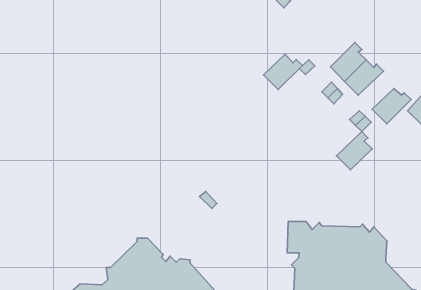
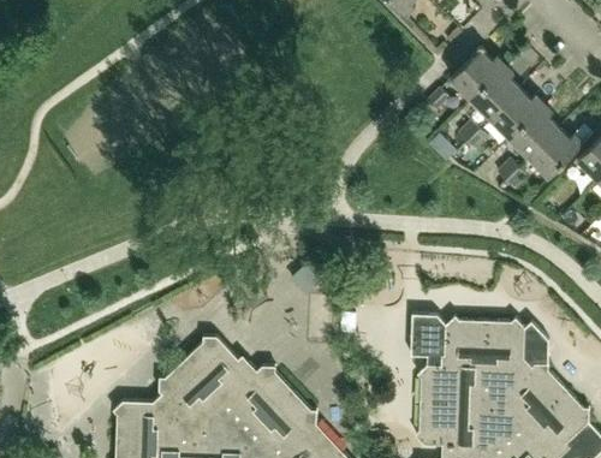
building: [263,54,302,90] -> [450,50,504,100]
building: [337,132,372,170] -> [508,106,558,159]

